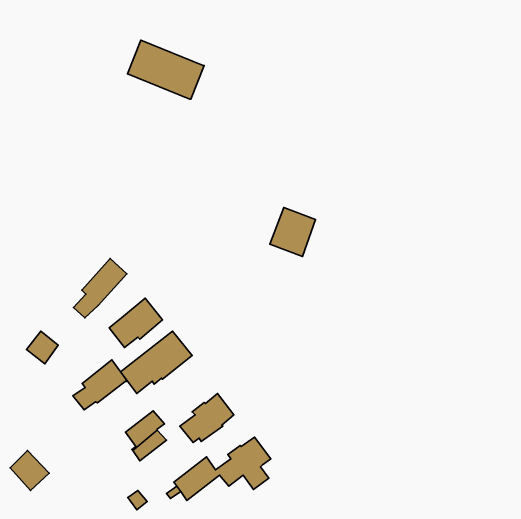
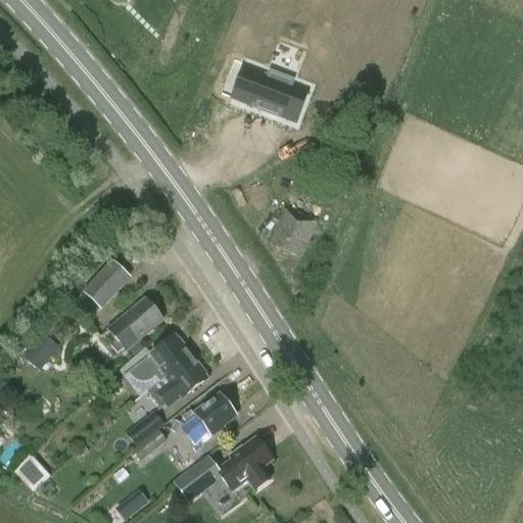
building: [128,40,204,99] -> [234,59,311,118]
building: [73,360,126,410] -> [154,355,207,406]

